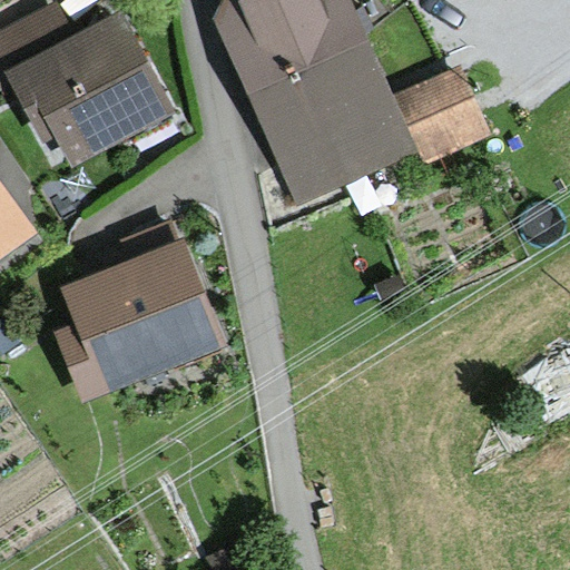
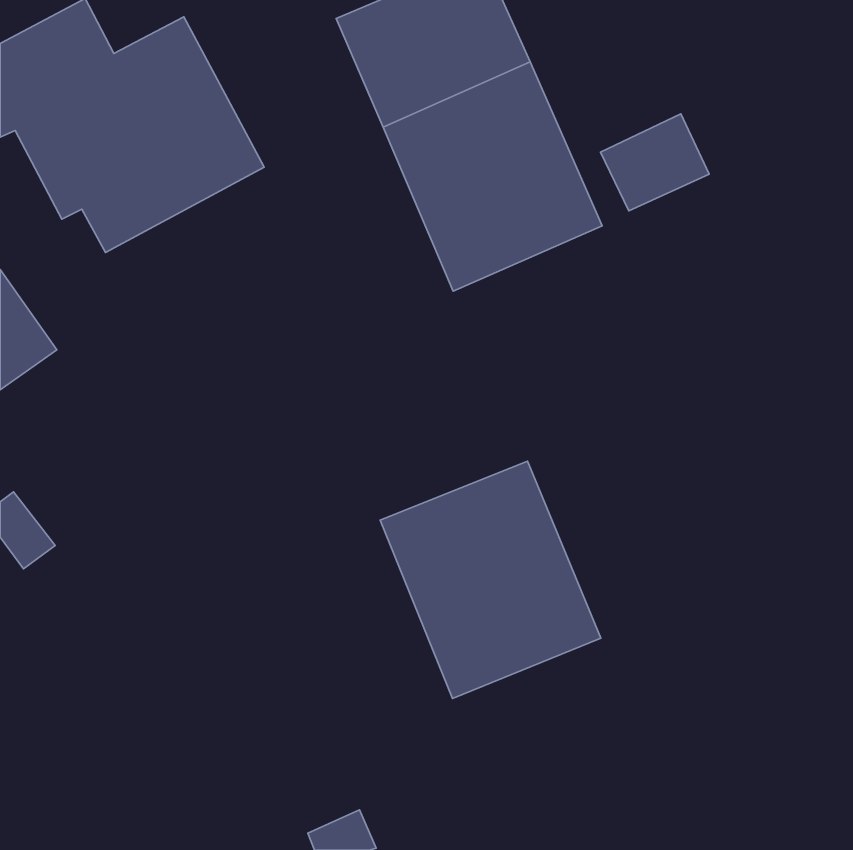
building: [52,219,227,404] -> none
building: none -> [380,461,601,698]

